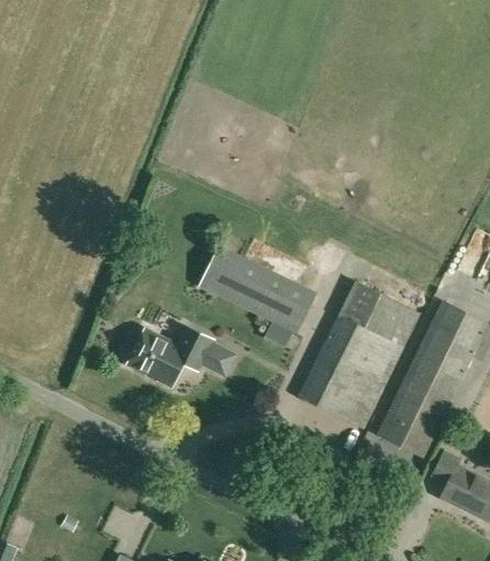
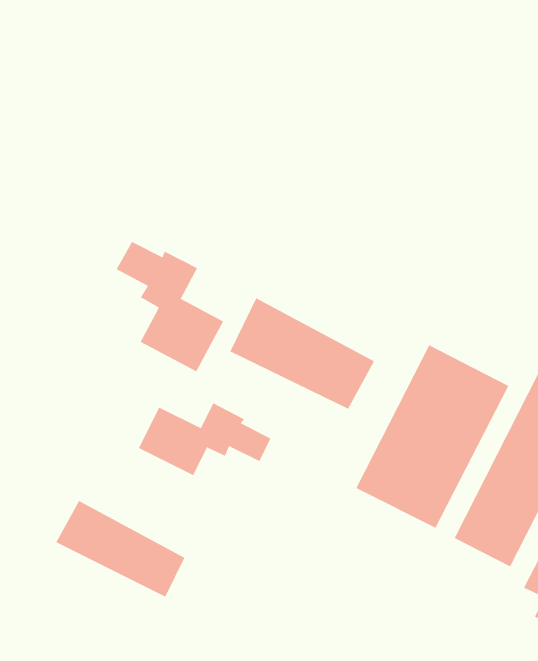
building: none -> [116,241,224,372]
building: none -> [55,500,185,597]

